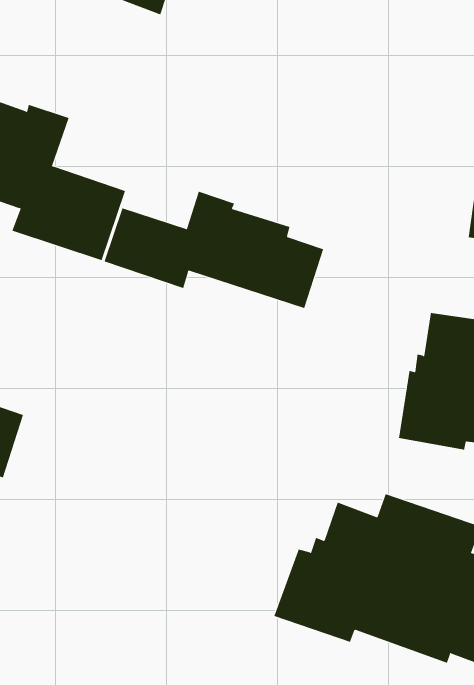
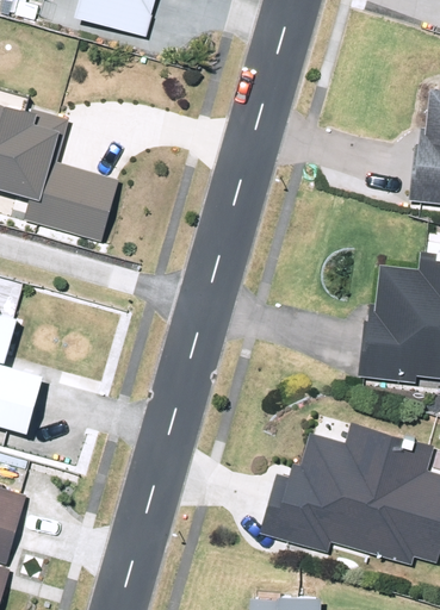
building: [104,191,324,309] -> none

